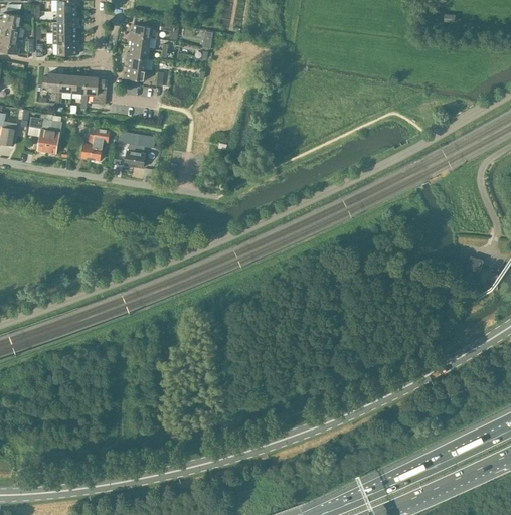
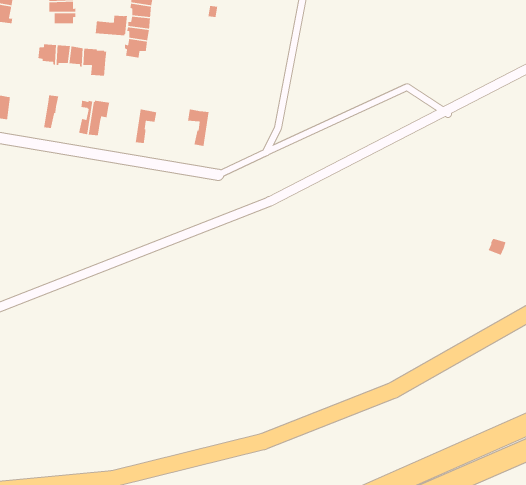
building: none -> [95,15,128,36]
building: [28,117,51,152] -> none
building: [117,130,138,166] -> [187,108,210,147]

